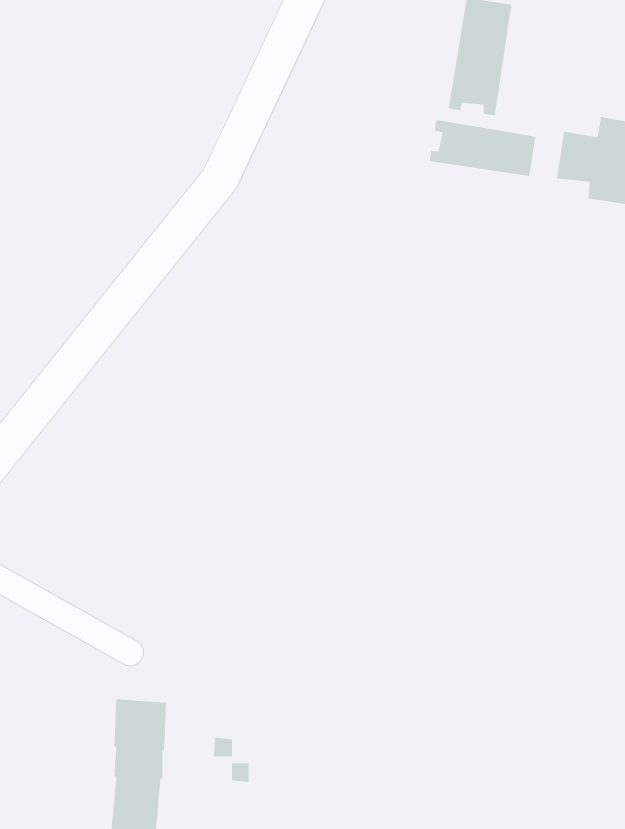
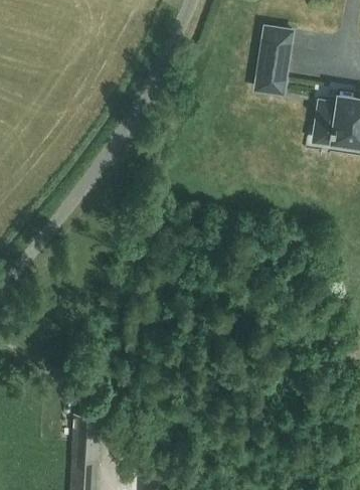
building: [429,119,536,177] -> none

